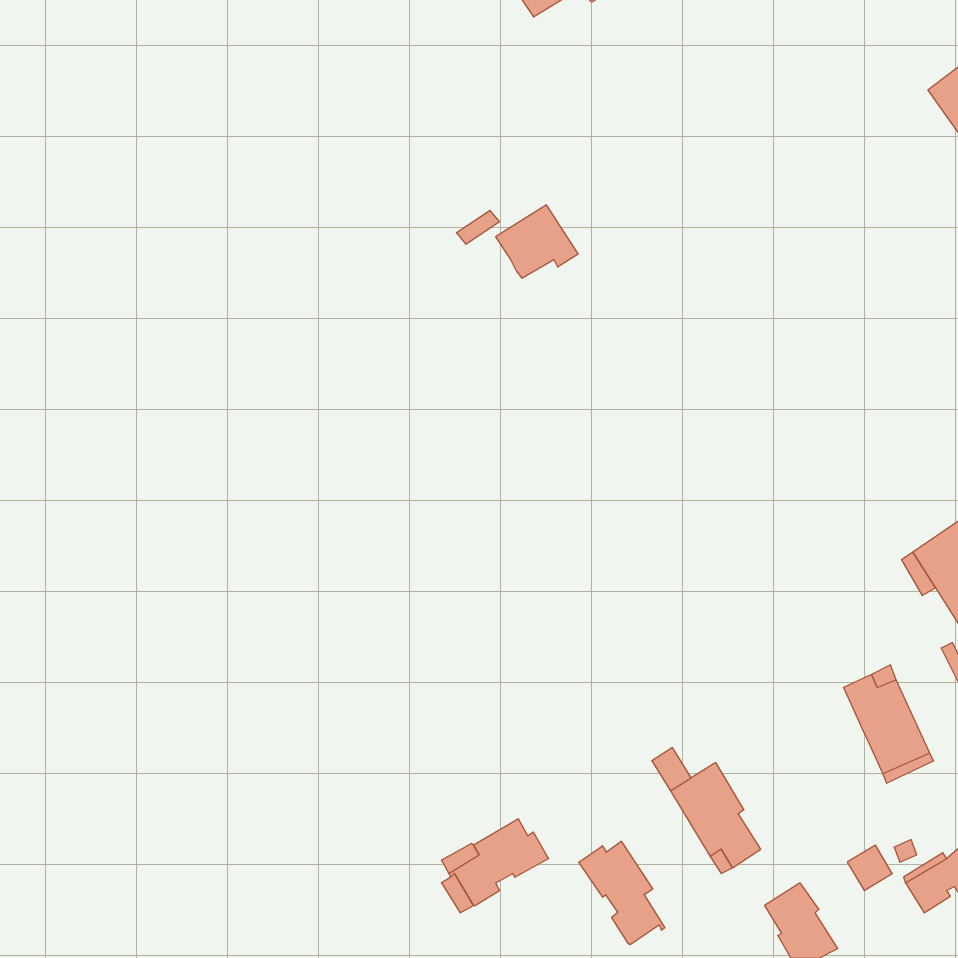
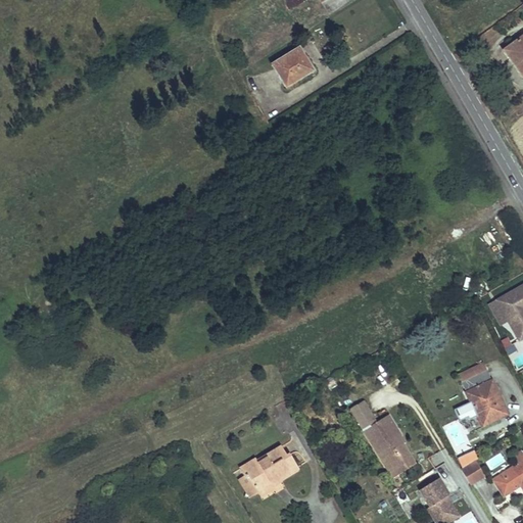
building: [496,205,578,278] -> [273,47,318,87]
building: [579,841,665,945] -> none

